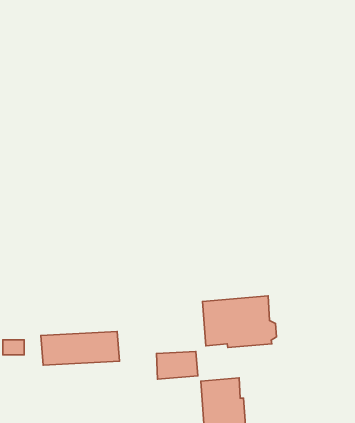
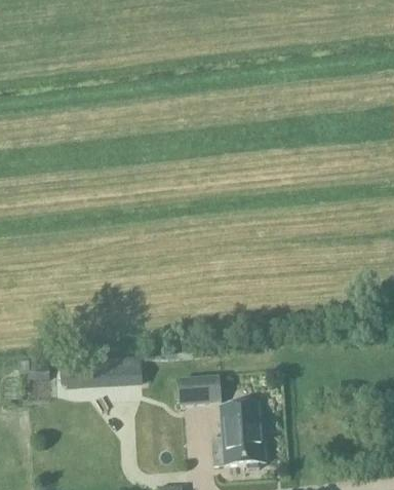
building: [203,296,276,347] -> none

